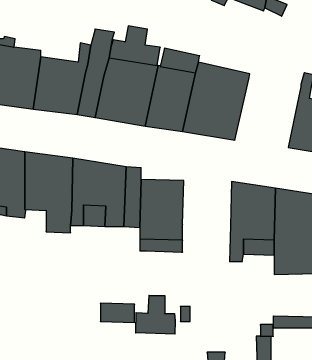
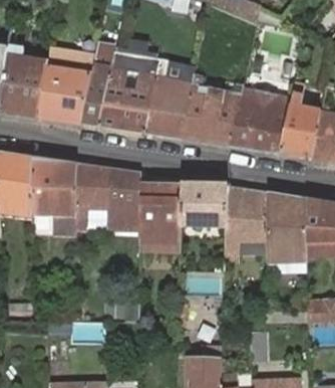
building: none -> [230,89,292,153]
building: none -> [181,184,227,234]
building: [136,295,175,334] -> none

